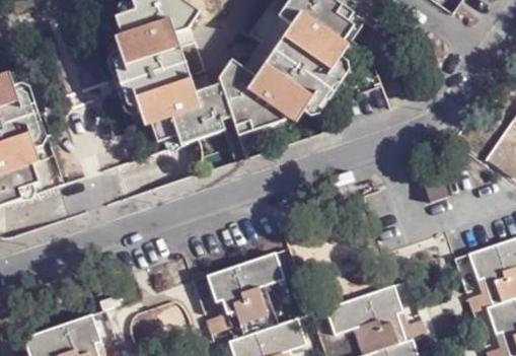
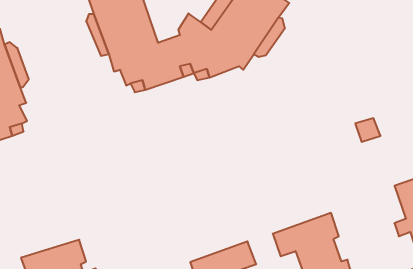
building: [205,256,285,335] -> none

